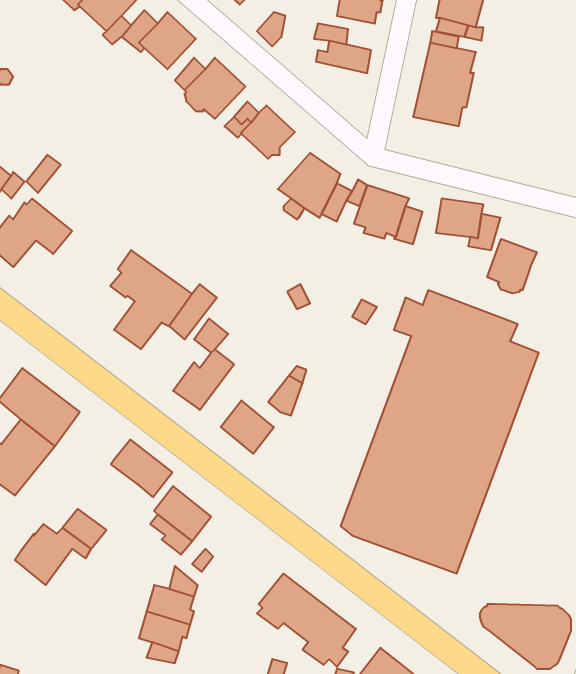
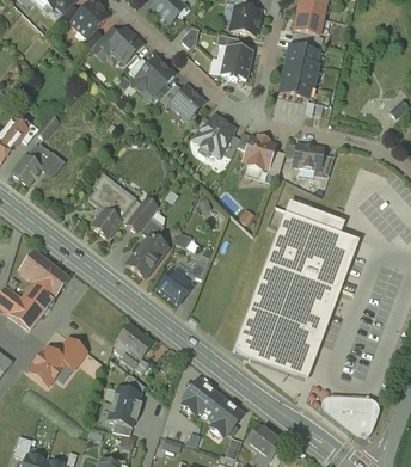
building: none -> [215,57,250,81]
building: [487,239,537,293] -> none
building: [111,440,172,497] -> none

